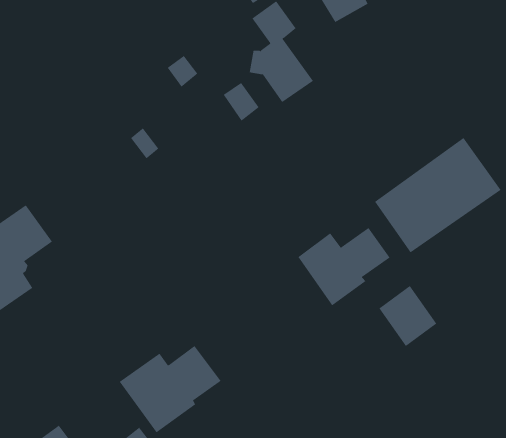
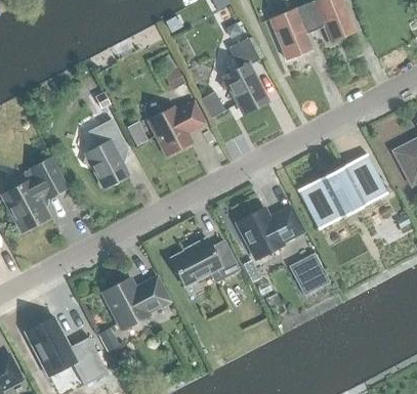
building: none -> [149,101,205,155]
building: none -> [83,119,128,187]
building: none -> [170,236,240,286]

